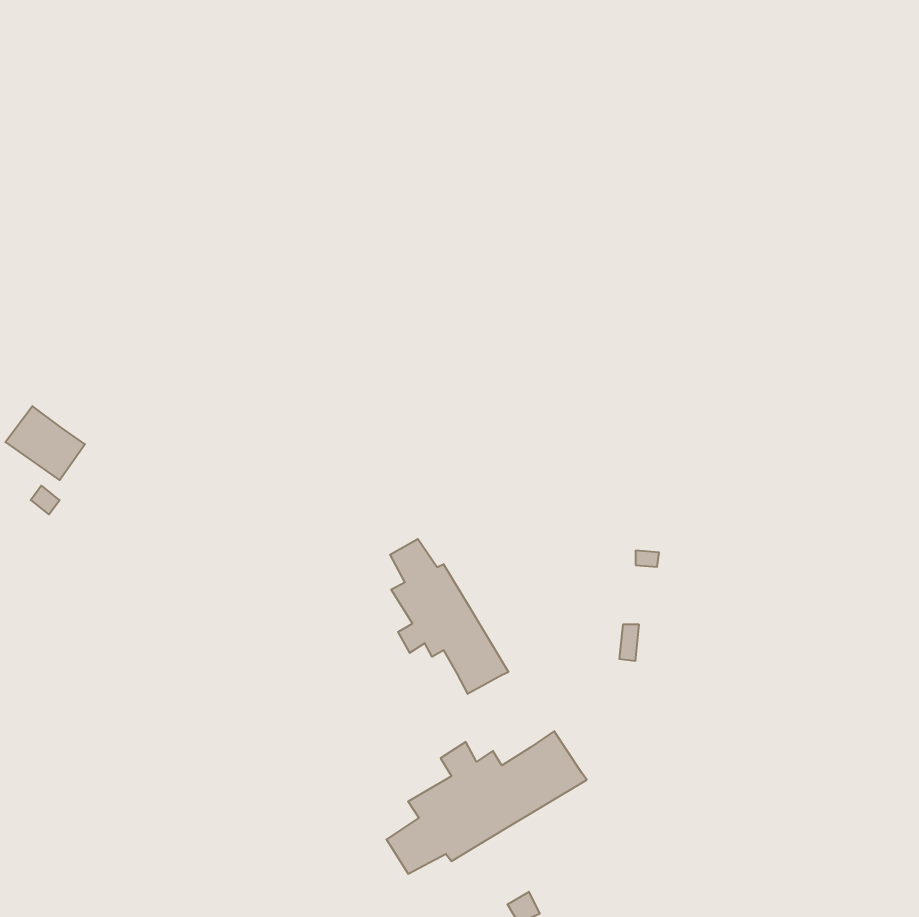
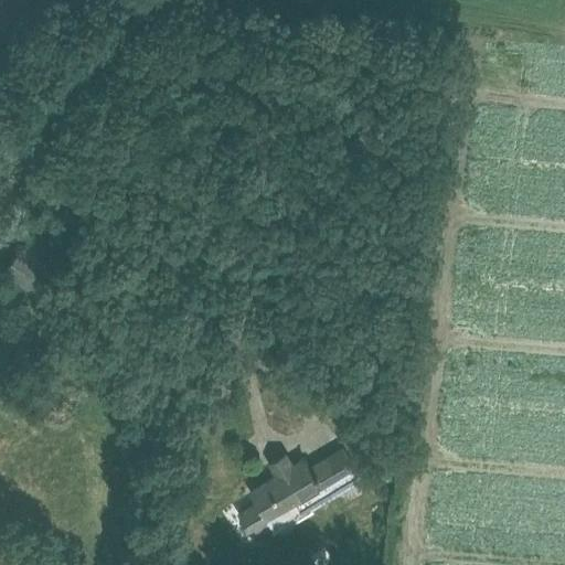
building: [390,539,508,694] -> none

